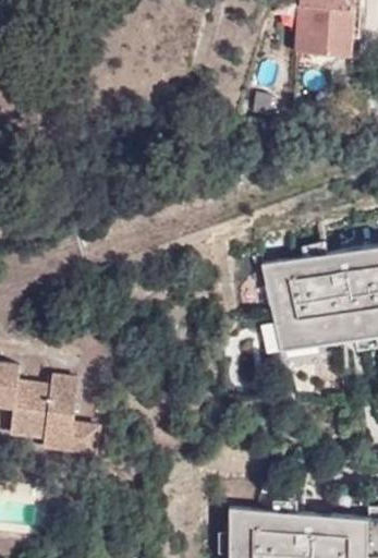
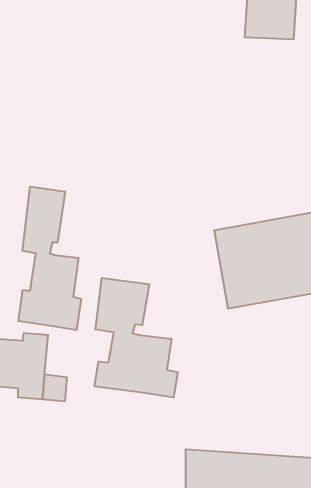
building: none -> [18,187,81,330]
building: none -> [95,278,178,397]

